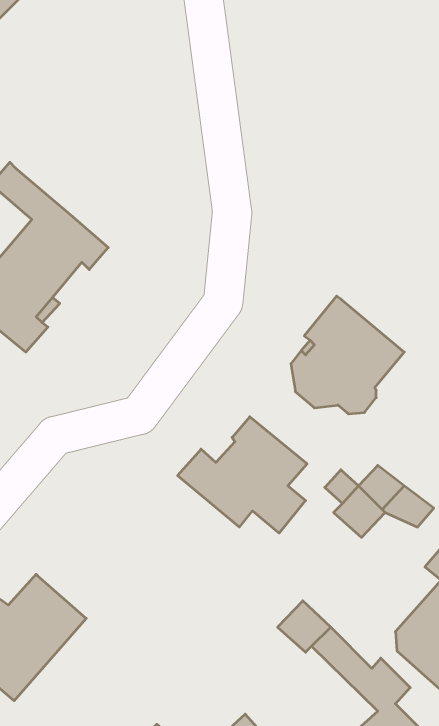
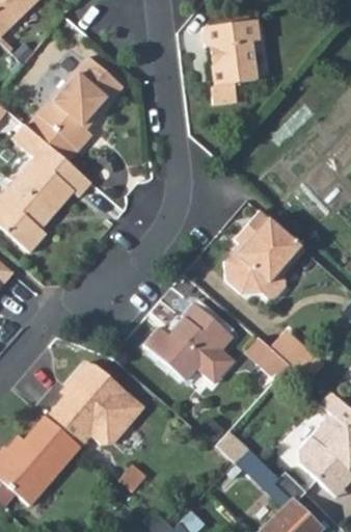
building: none -> [200,17,259,103]
building: none -> [29,56,123,160]
building: none -> [45,358,146,448]

